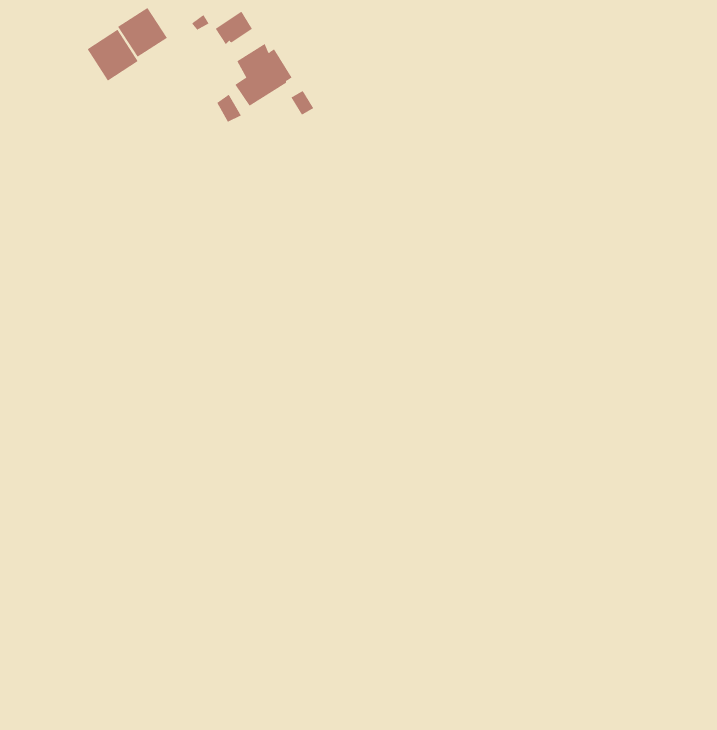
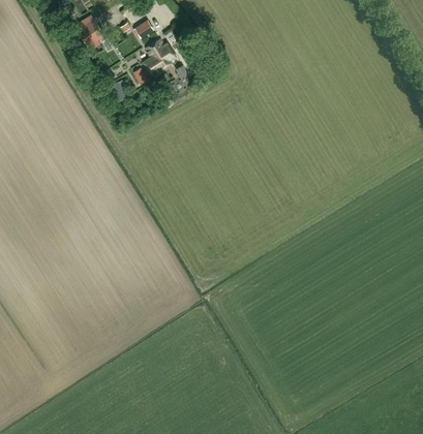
building: [87,29,139,81] -> none

